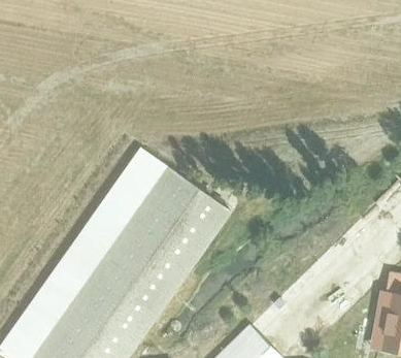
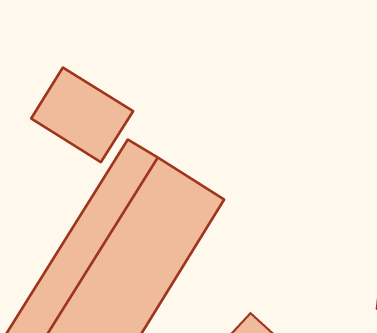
building: none -> [31,68,133,162]

